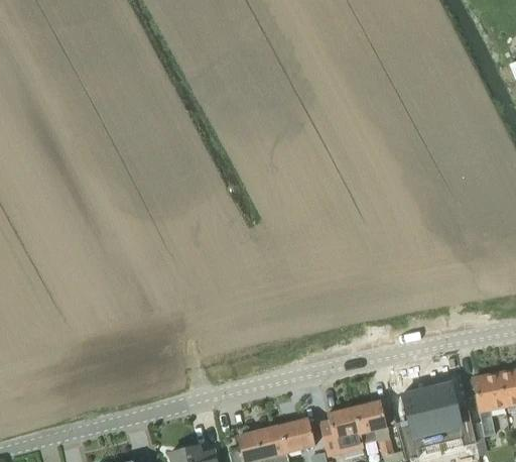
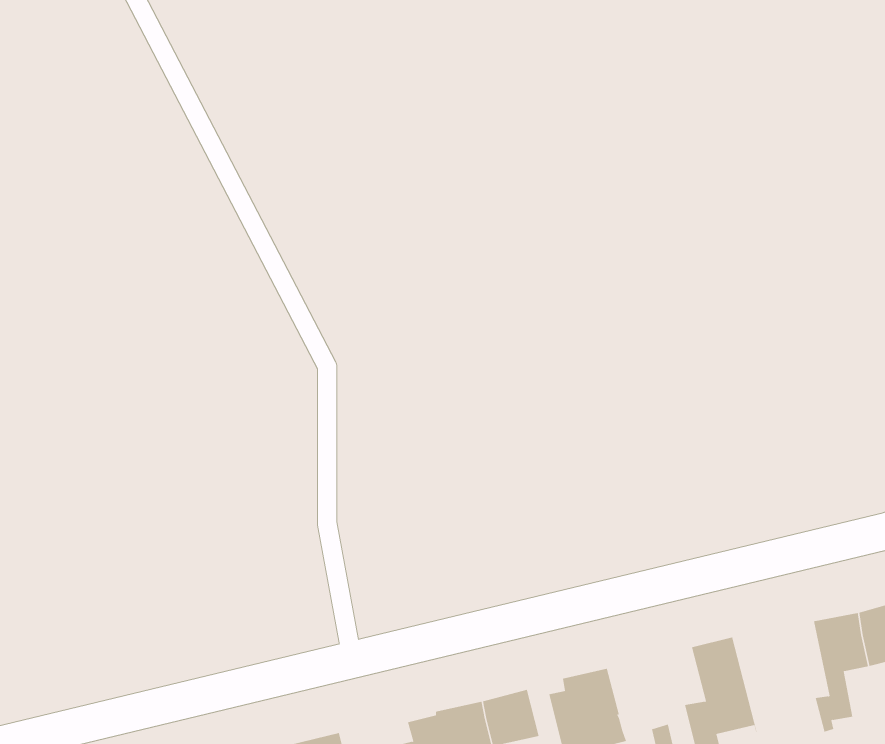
building: [426,382,479,446] -> none
building: [354,400,387,443] -> none

